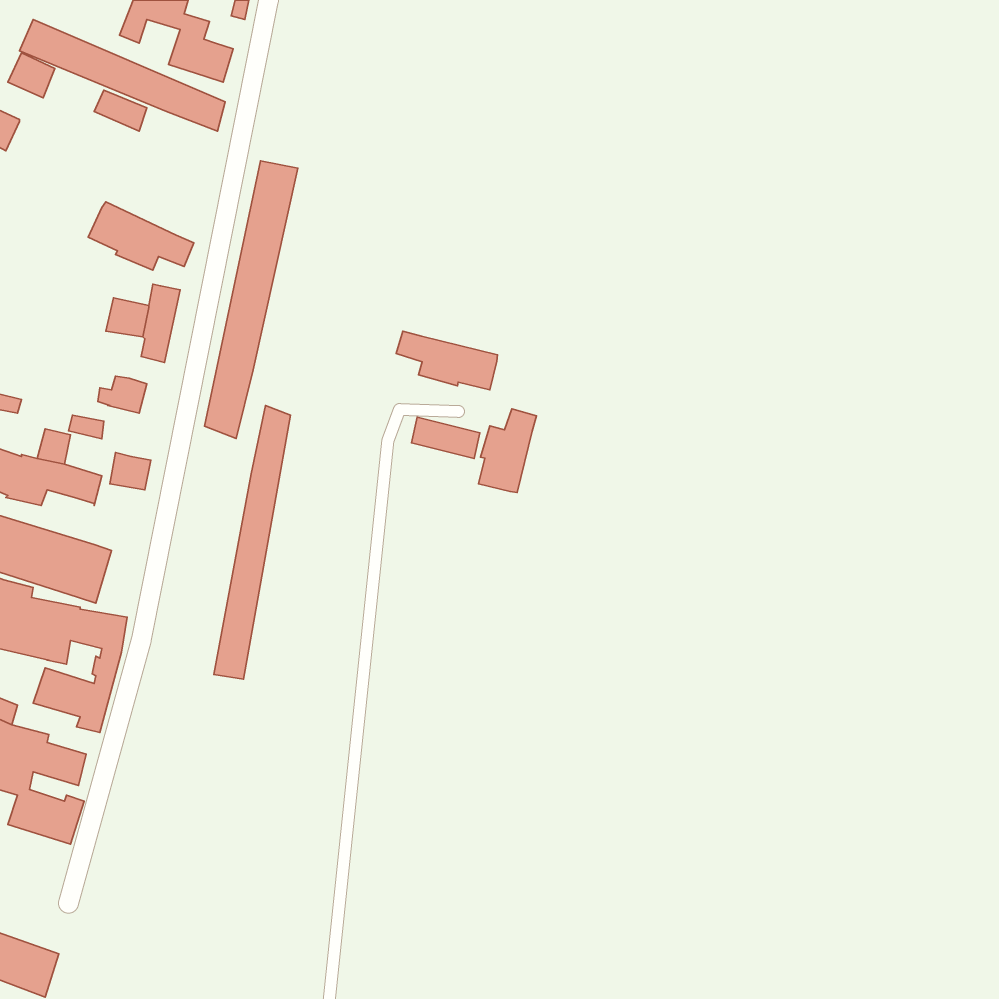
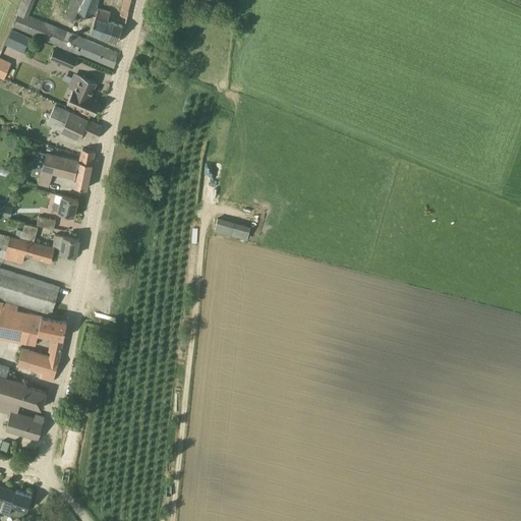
building: none -> [66,76,99,116]
building: [205,161,298,439] -> none
building: none -> [37,153,59,187]
building: [396,331,497,390] -> none
building: [214,405,290,679] -> none
building: [478,409,536,493] -> none

